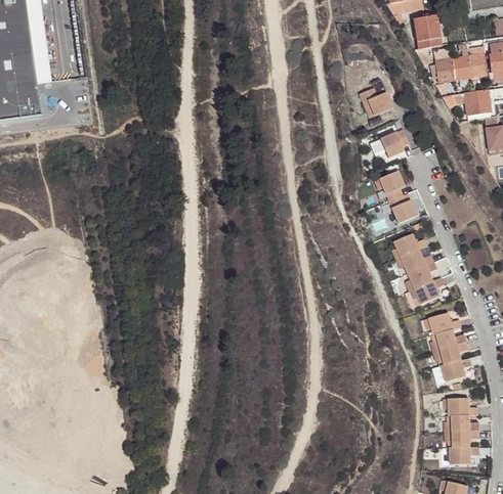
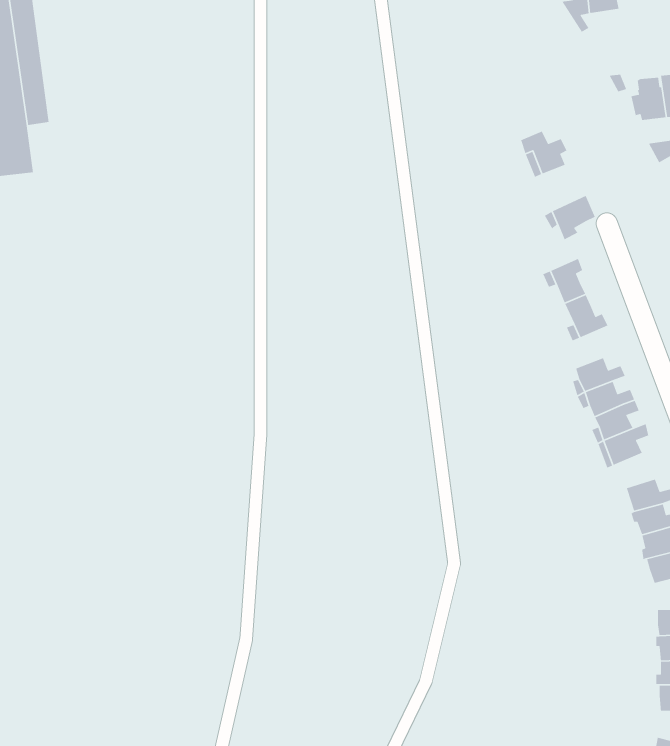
building: [414,14,442,48] -> none

